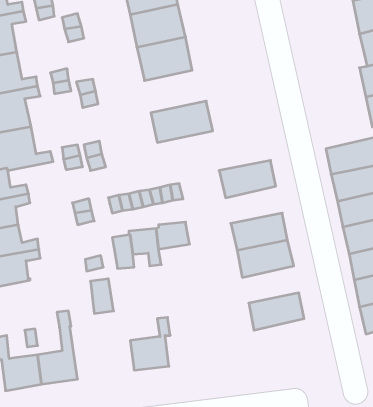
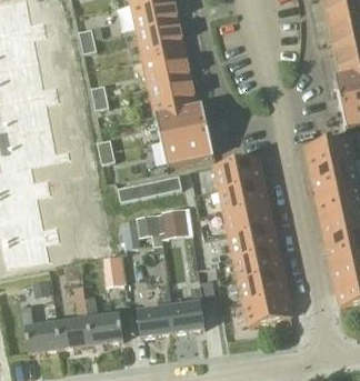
building: none -> [149,78,197,114]
building: none -> [160,130,213,166]
building: none -> [219,178,268,210]
building: none -> [233,247,282,279]
building: none -> [167,281,216,333]
building: none -> [243,292,292,324]
building: none -> [84,298,123,344]

